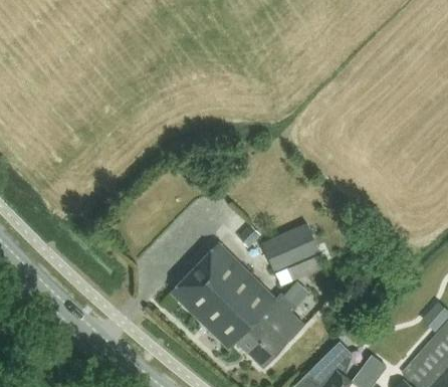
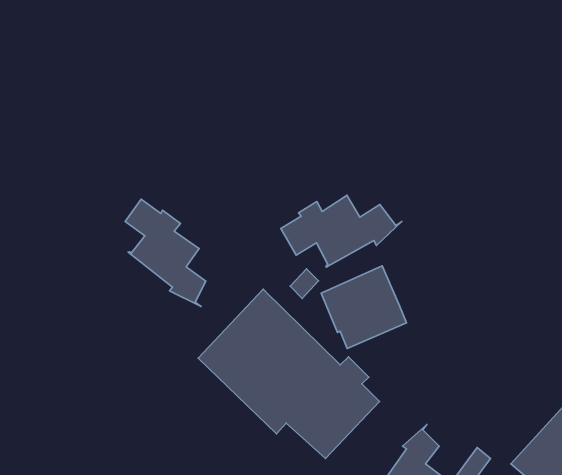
building: none -> [281,195,402,267]
building: none -> [125,199,206,306]

